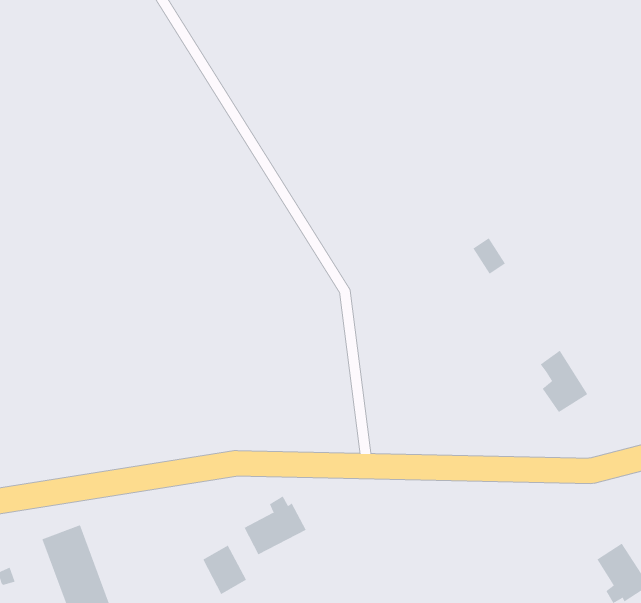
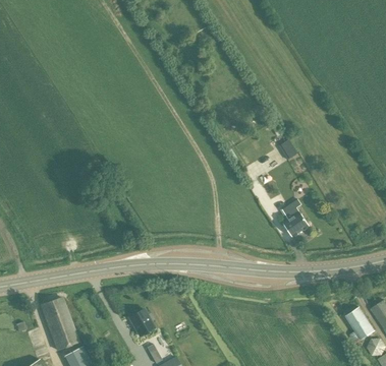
building: [540,350,588,413] -> [281,201,308,236]
building: [244,496,306,555] -> none

